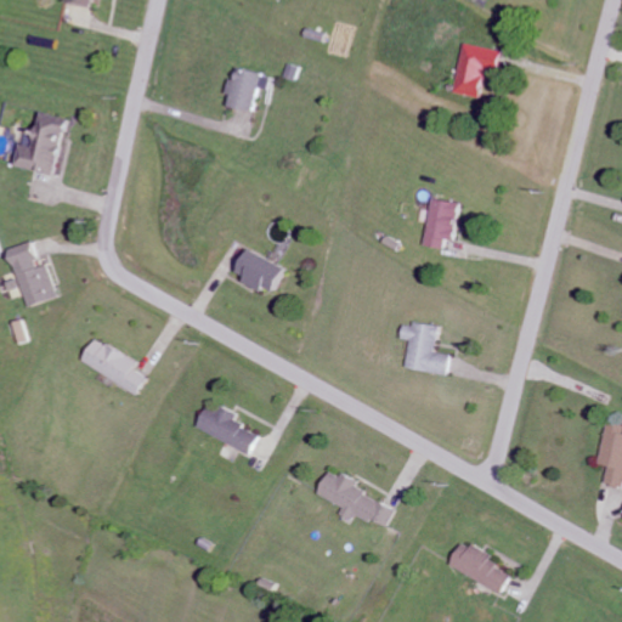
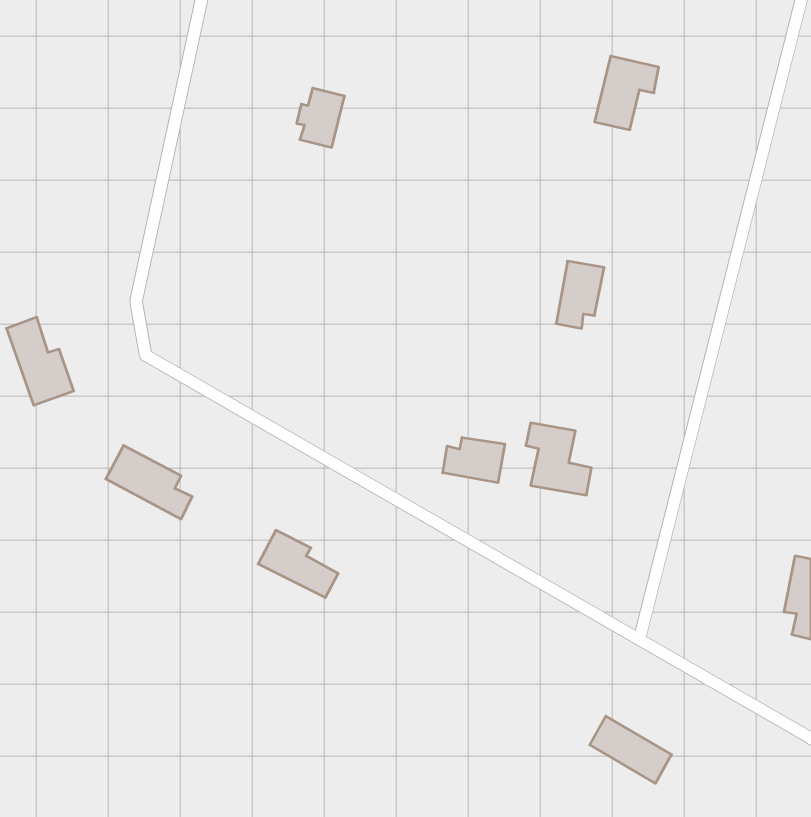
building: [12,111,68,175] -> none
building: [234,248,285,294] -> none
building: none -> [443,437,505,483]
building: [315,470,392,528] -> none

